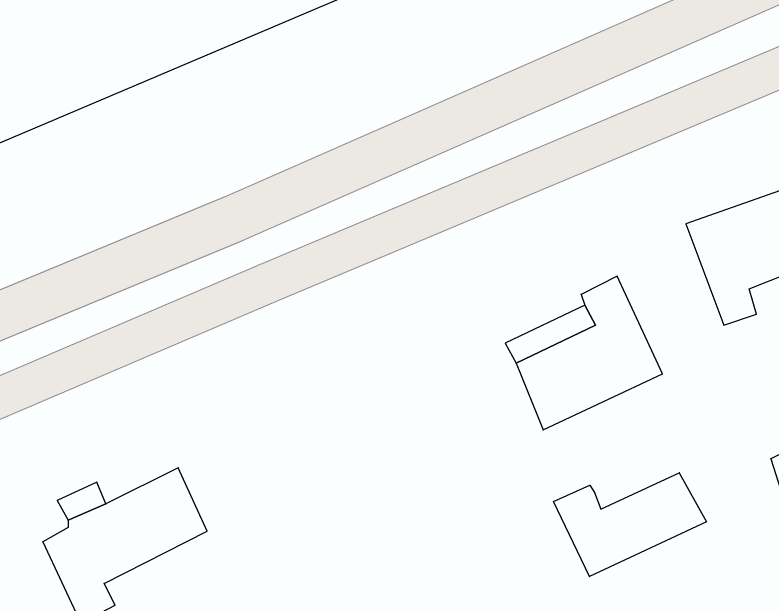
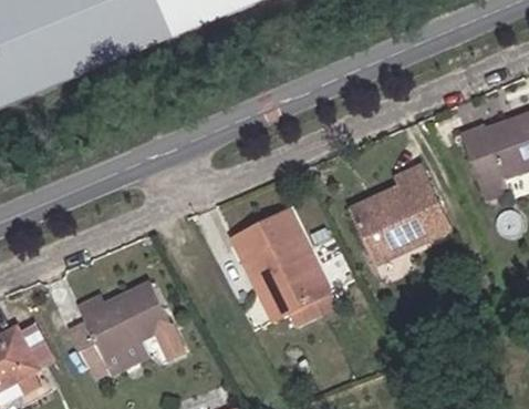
building: none -> [236,222,333,331]
building: [554,473,706,577] -> none

